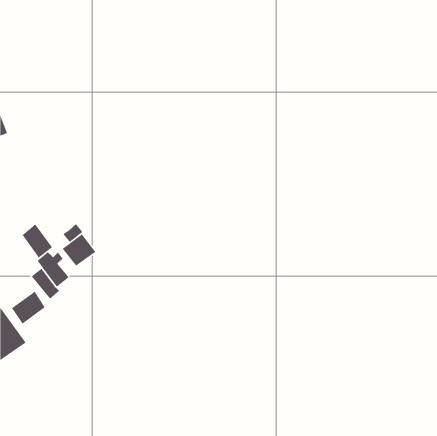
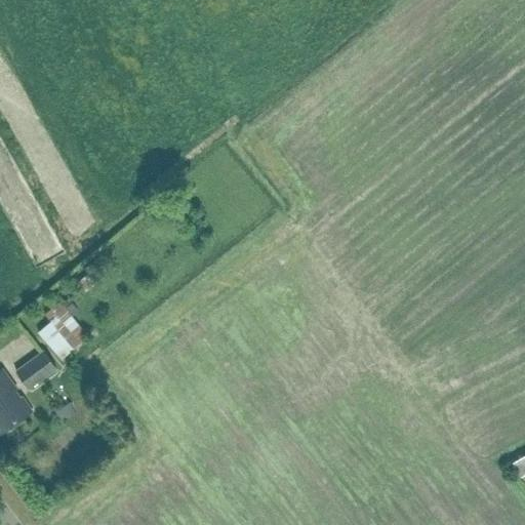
building: [22,224,53,259] -> none
building: [62,234,96,266] -> none

